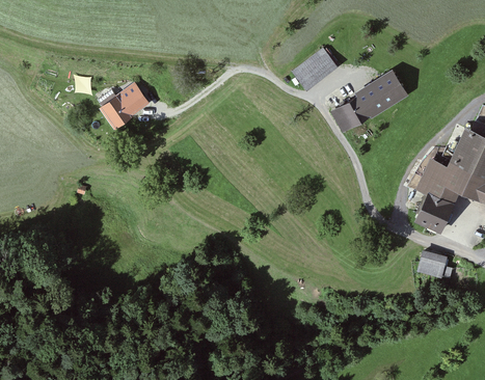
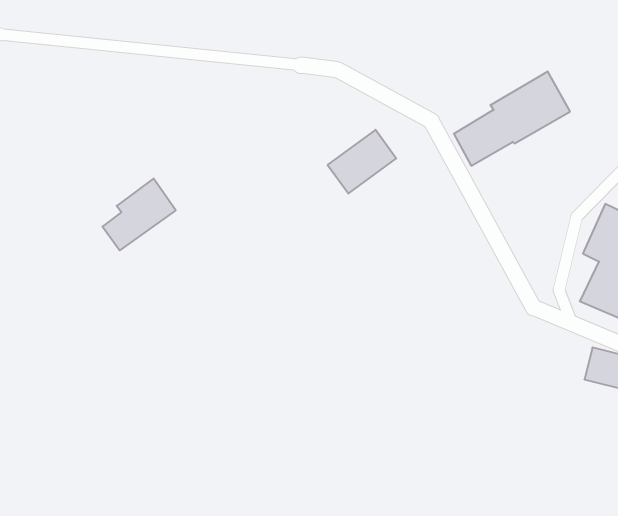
building: [293,49,338,90] -> [328,130,396,194]
building: [102,82,150,129] -> [102,179,176,250]

